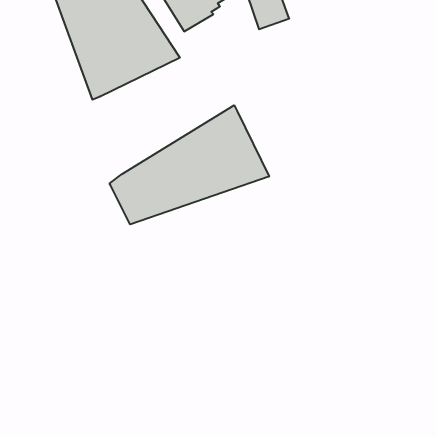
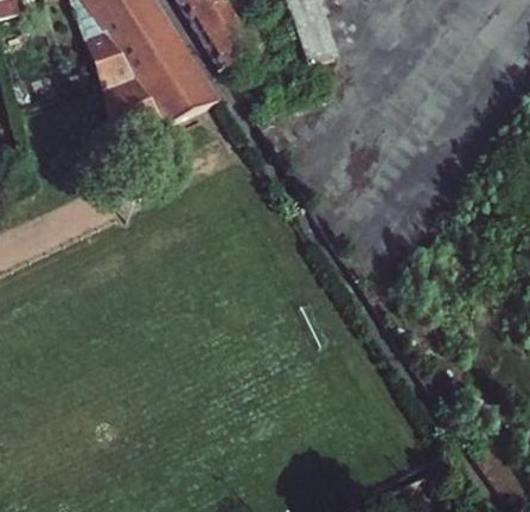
building: [110,105,269,224] -> none

